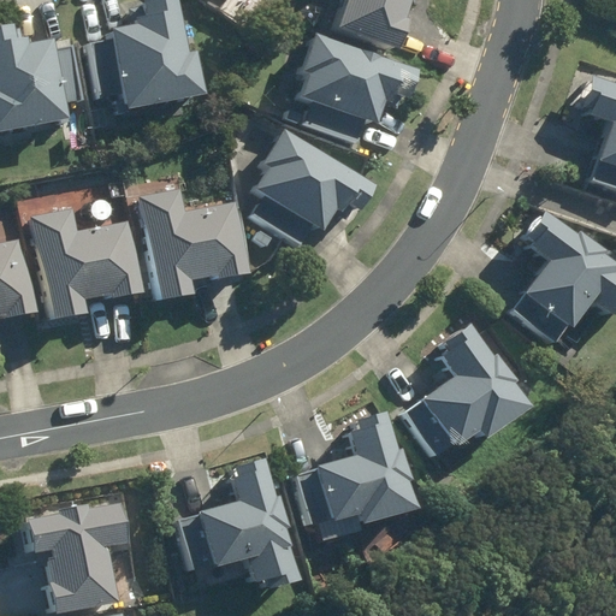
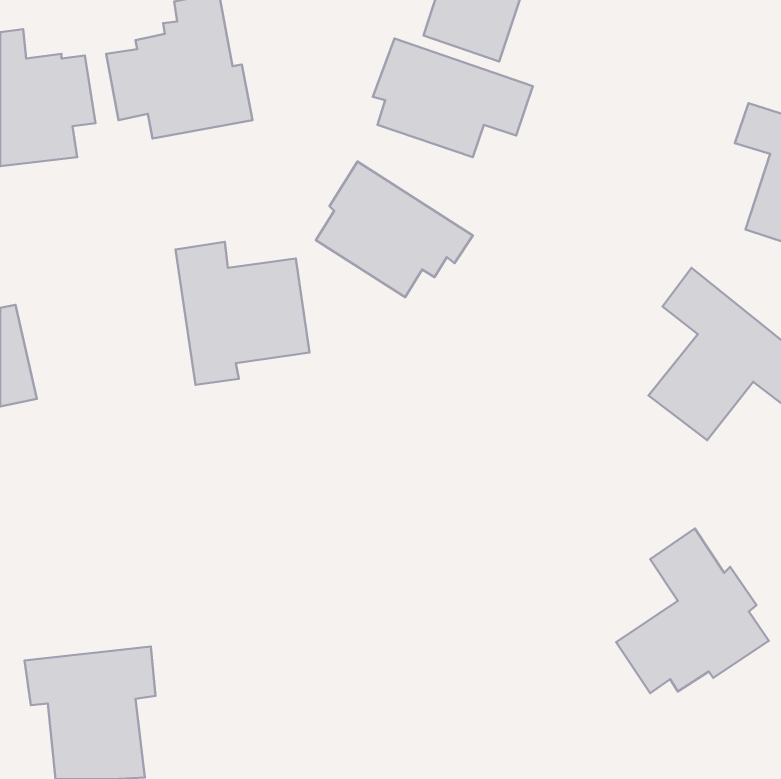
building: [32,207,138,322] -> none
building: [407,321,526,450] -> [616,528,769,693]
building: [294,415,413,526] -> none
building: [177,456,295,594] -> none

